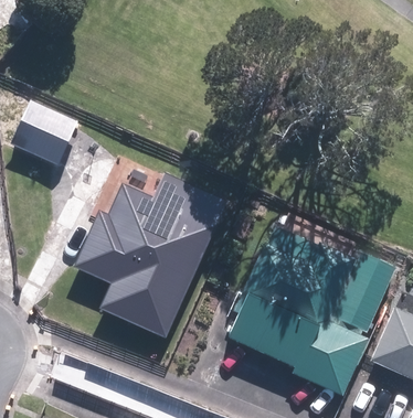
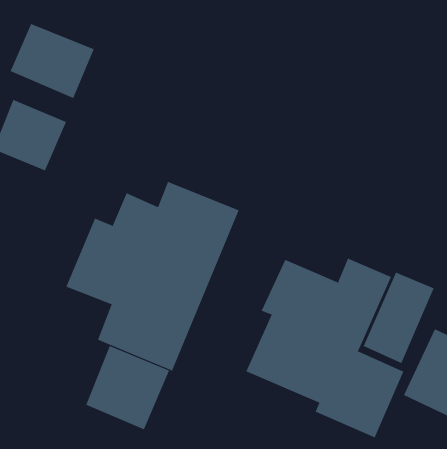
building: none -> [10,23,94,99]
building: none -> [86,345,170,430]

